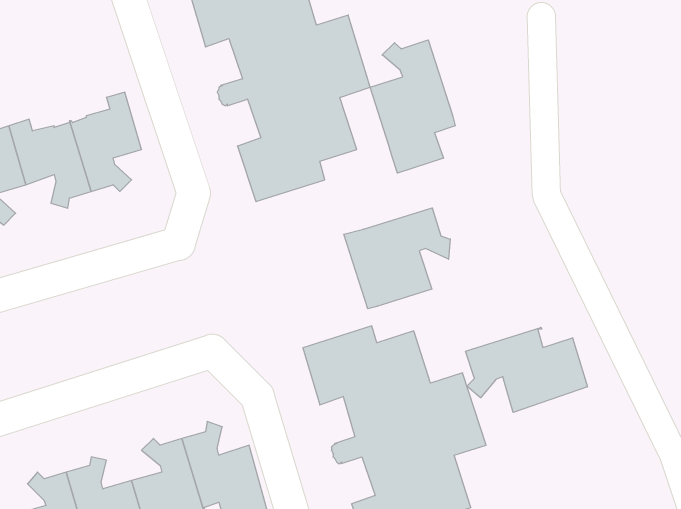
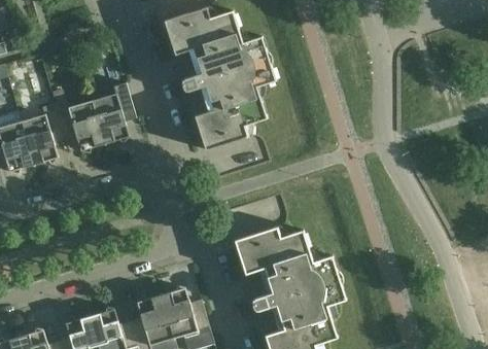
building: [370,40,455,173] -> none
building: [344,208,450,309] -> none
building: [465,327,587,412] -> none

